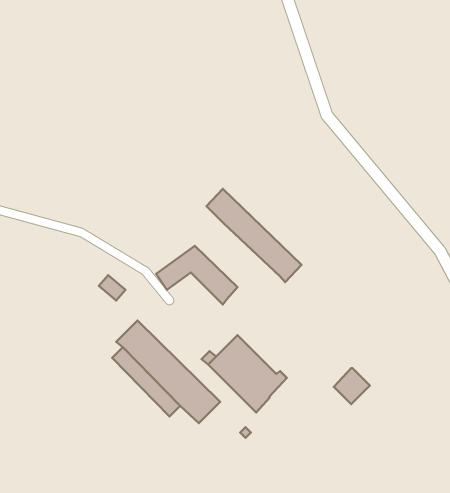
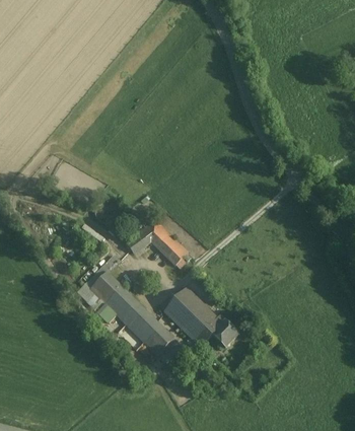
building: [207,189,301,282] -> none
building: [334,368,370,404] -> [212,319,239,347]

